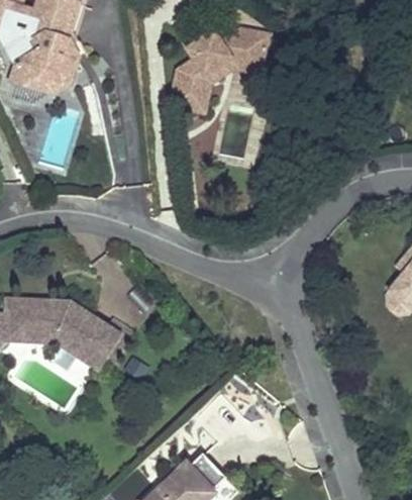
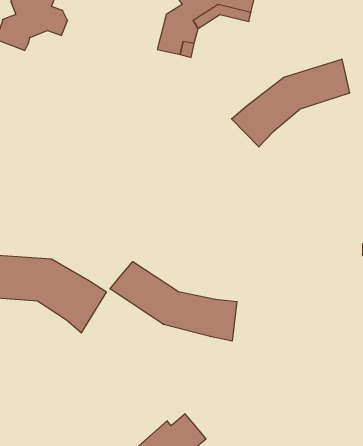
building: none -> [231,59,349,147]
building: none -> [110,262,237,341]

